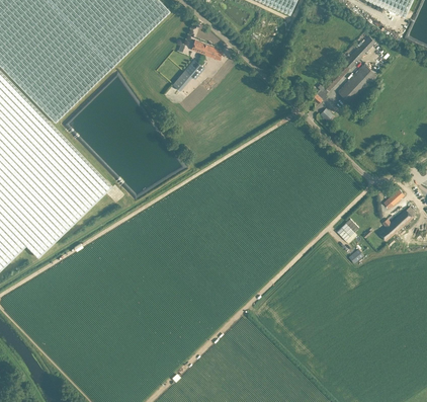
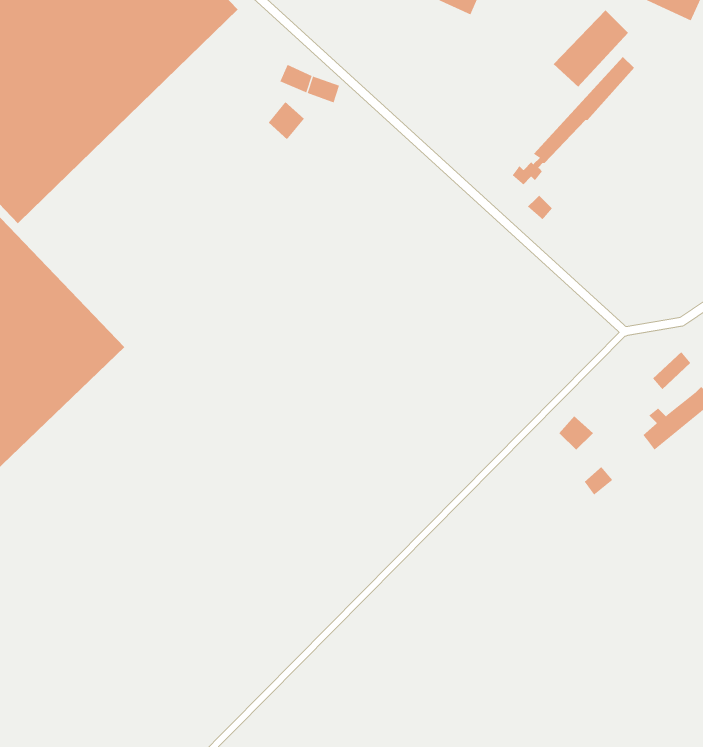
building: [334,63,373,103] -> [553,10,629,88]

